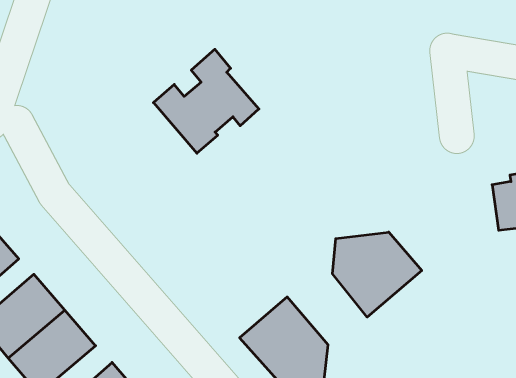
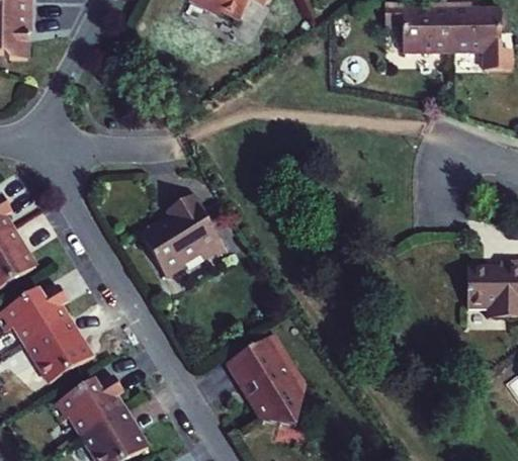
building: [153,49,259,153] -> [136,190,229,280]
building: [332,232,422,317] -> none

